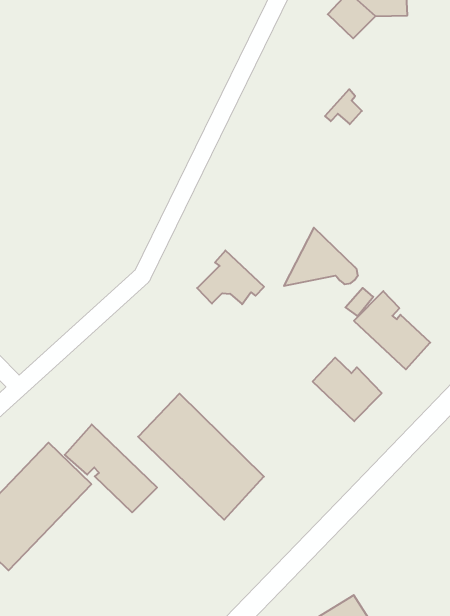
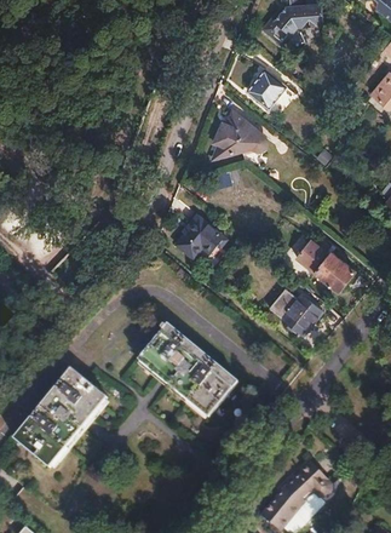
building: none -> [247,69,280,104]
building: [284,228,358,286] -> [213,111,269,157]
building: [65,424,157,512] -> none

